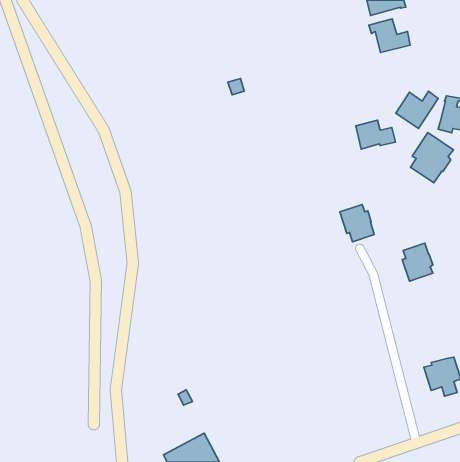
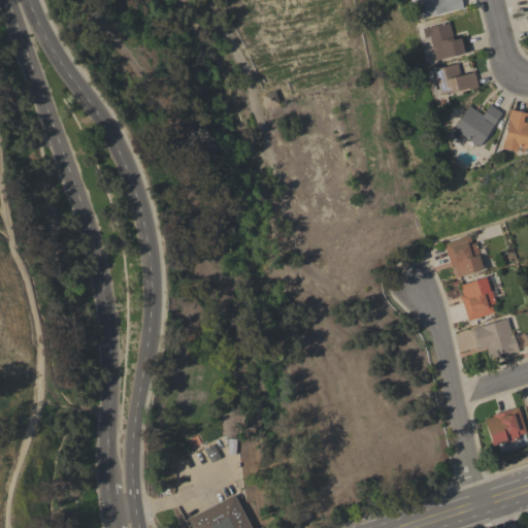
building: [356,120,396,149] -> [434,63,480,96]
building: [410,133,453,183] -> none
building: [340,205,374,242] -> [444,235,484,277]
building: none -> [471,319,520,361]

